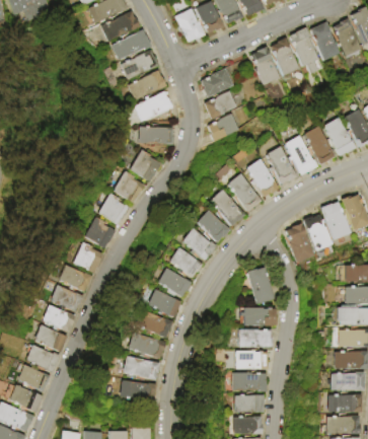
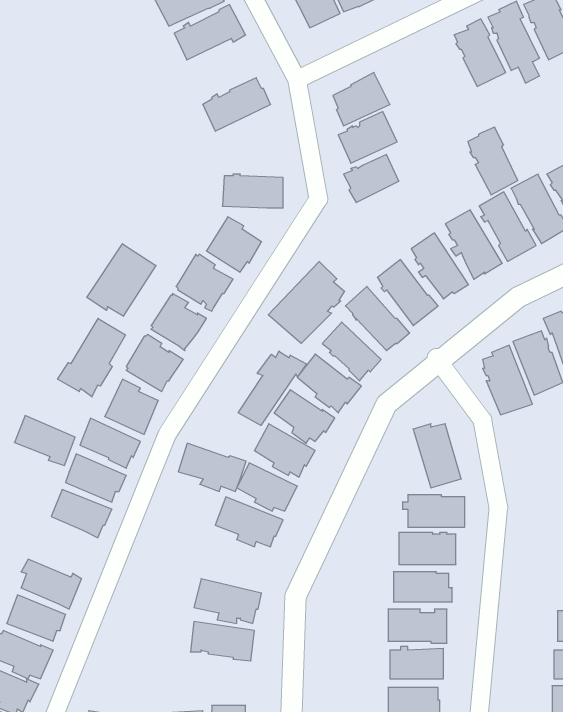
building: [250,46,279,84] -> [468,127,518,195]
building: [120,50,158,80] -> none
building: [133,90,172,121] -> none
building: none -> [87,244,156,316]
building: none -> [268,262,344,343]
building: none -> [58,318,126,397]
building: none -> [238,351,306,425]
building: [31,323,66,352] -> [14,416,75,466]
building: [127,332,165,359] -> [178,443,246,491]

